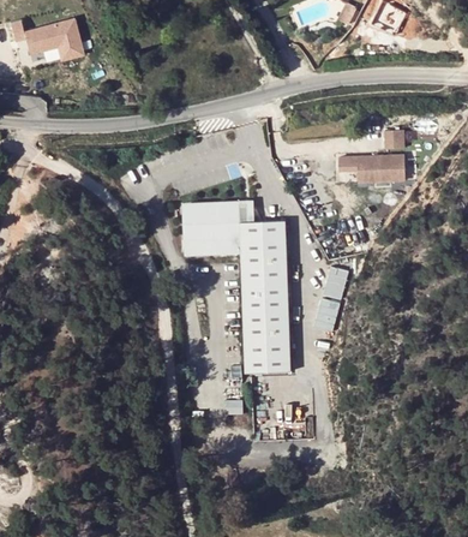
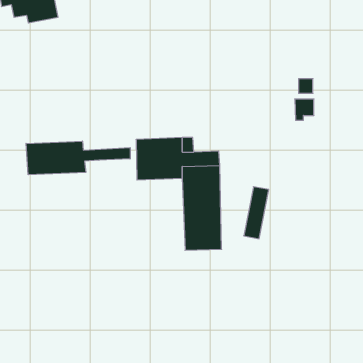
building: [338,155,382,183] -> none
building: none -> [26,141,130,175]
building: [244,342,292,376] -> none

